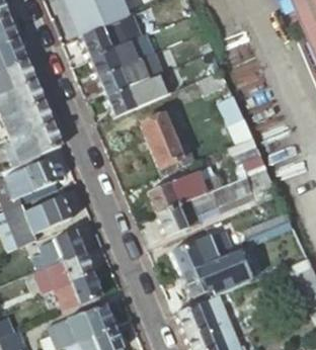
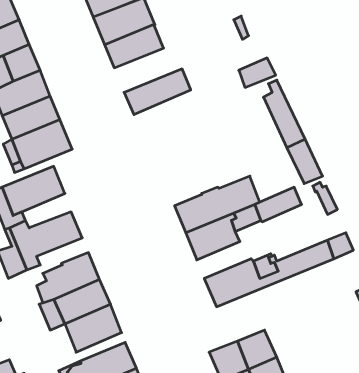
building: [95,56,160,99] -> none
building: [139,109,193,175] -> none
building: [179,253,240,298] -> none

